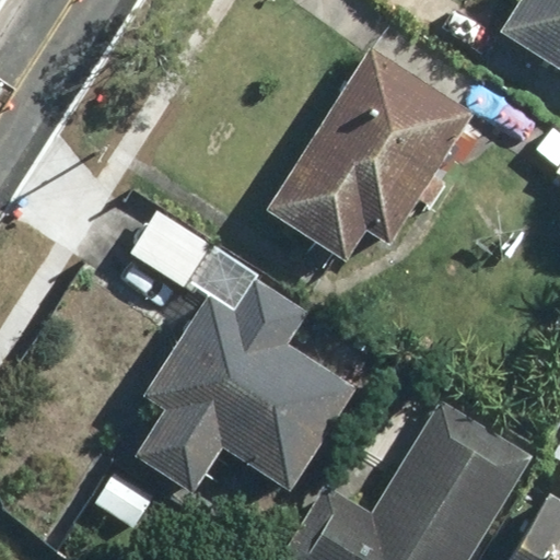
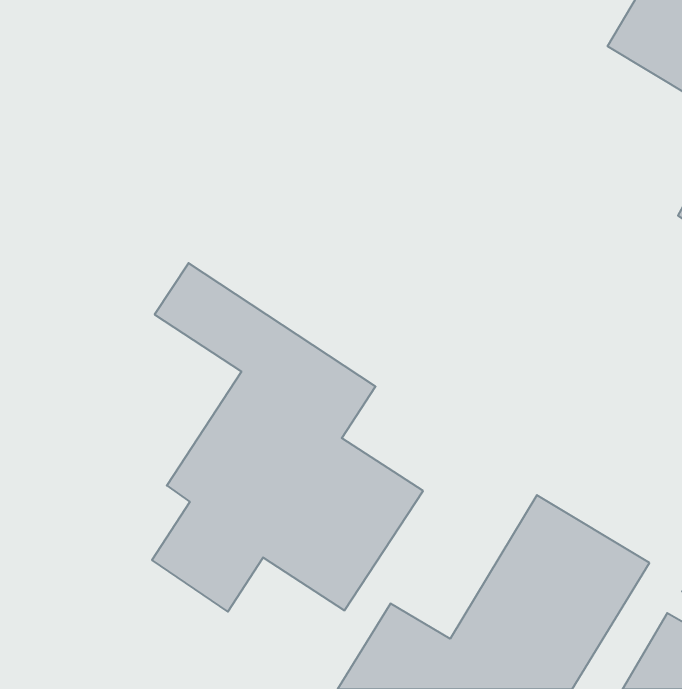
building: [272,50,475,260] -> none

